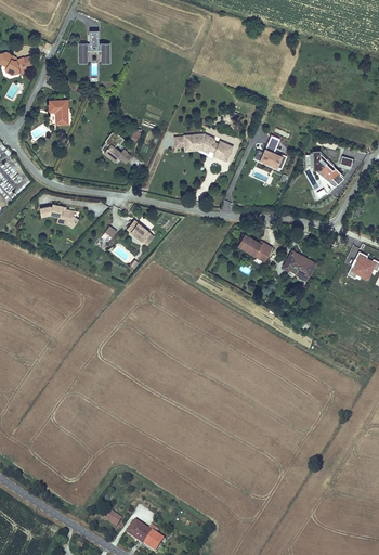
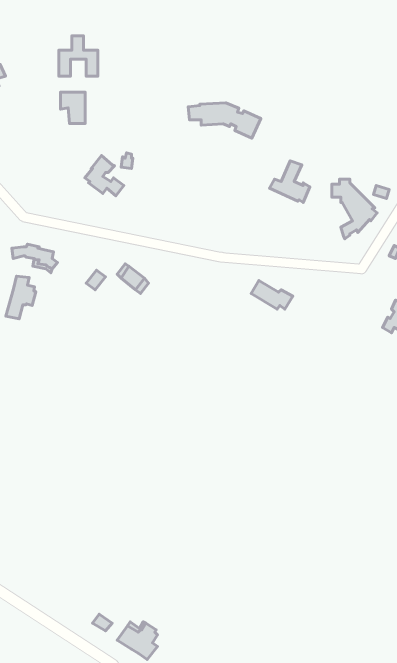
building: [48,99,68,125] -> [61,92,85,123]
building: [173,133,234,163] -> [188,103,261,138]
building: none -> [6,276,36,319]
building: [284,250,315,280] -> none

